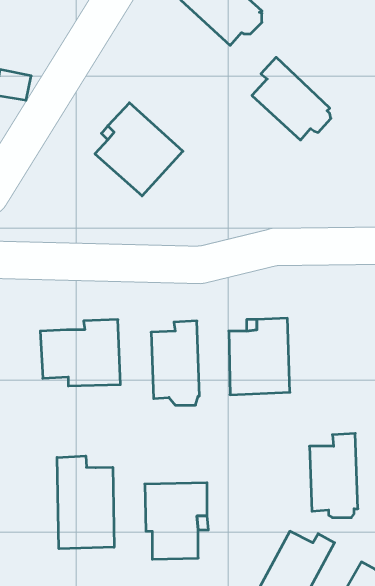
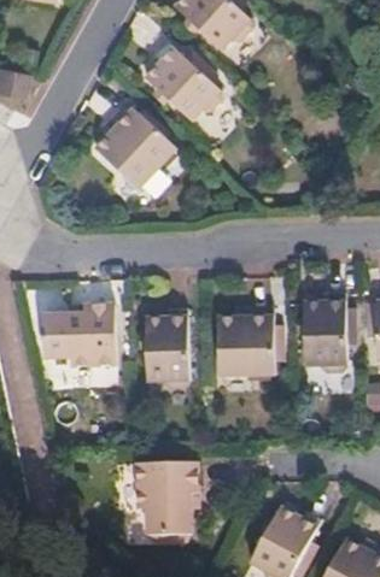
building: [252,57,331,140] -> [145,40,220,118]
building: [309,433,358,518] -> [304,290,350,370]
building: [57,456,114,549] -> none

